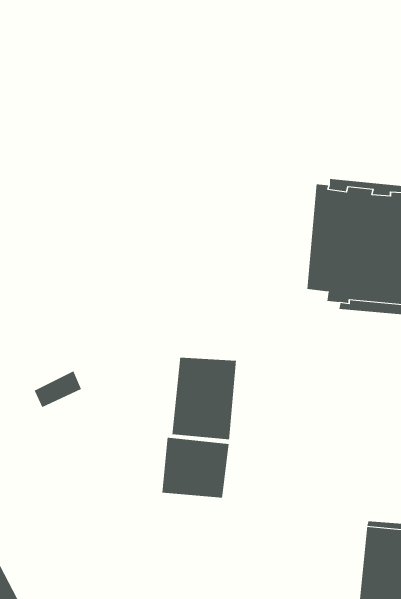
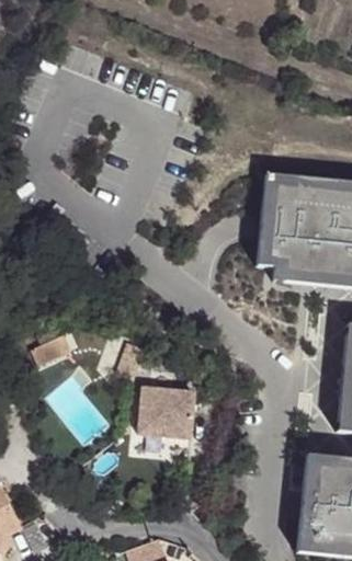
building: [172,357,236,440] -> none

